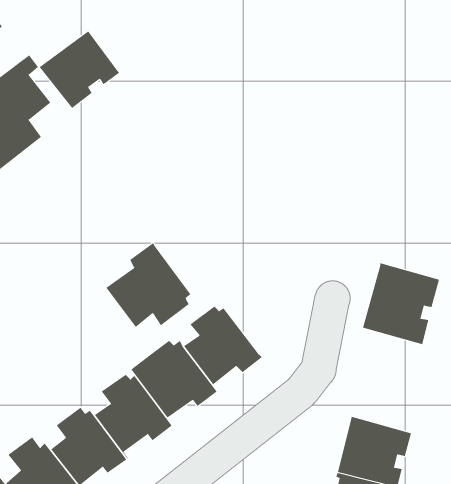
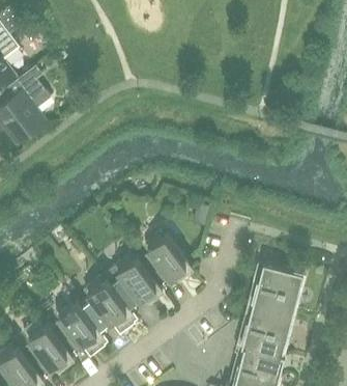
building: [39,30,120,109] -> none
building: [106,242,191,328] -> none
building: [362,263,440,345] -> [251,265,302,320]

